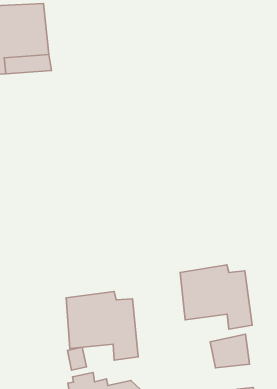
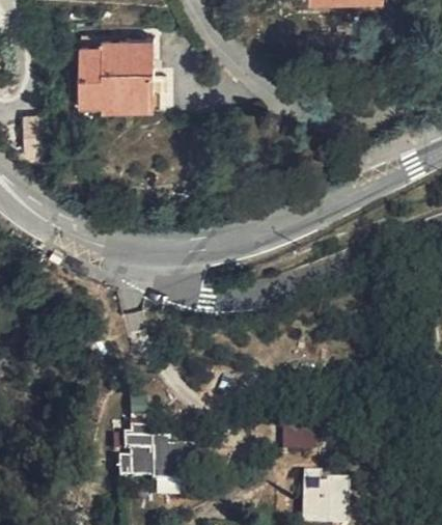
building: [180,265,252,329] -> none
building: [66,292,138,360] -> none

